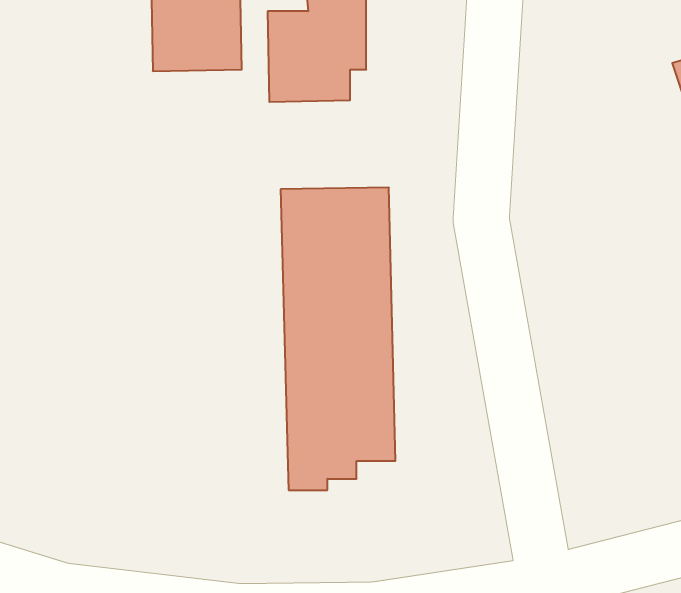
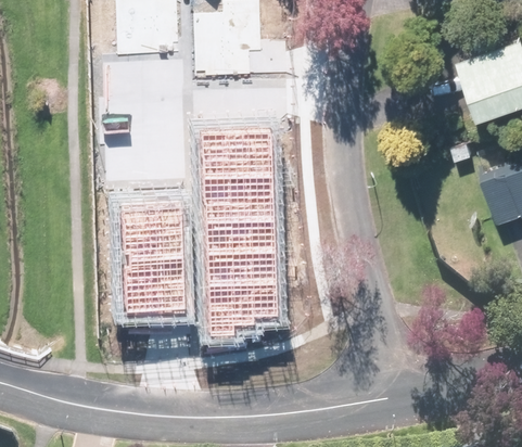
building: none -> [123,217,189,320]

